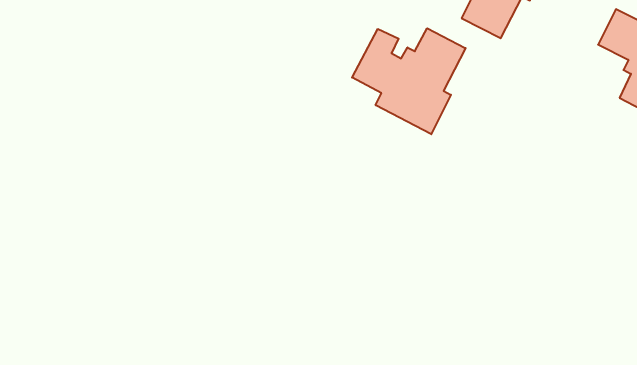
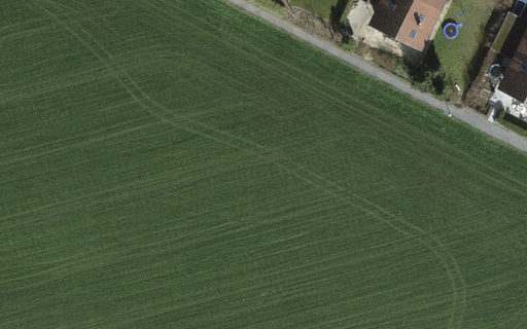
building: [352,28,466,134] -> none

